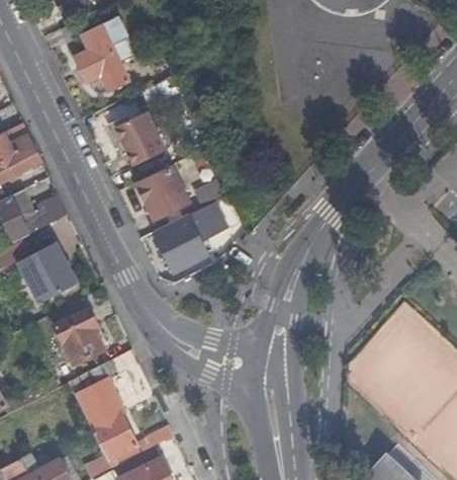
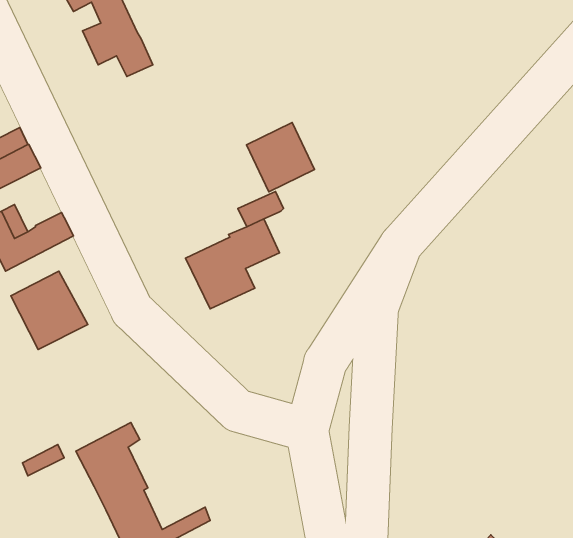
building: [114,111,164,164] -> none
building: [135,166,188,220] -> [247,123,314,192]
building: [53,305,102,362] -> none

